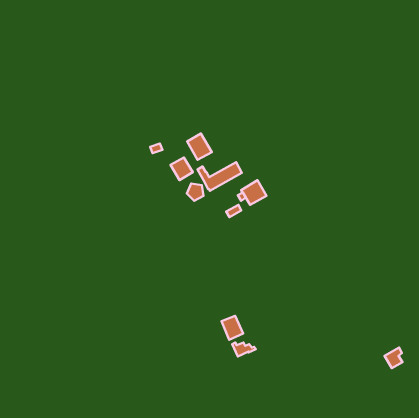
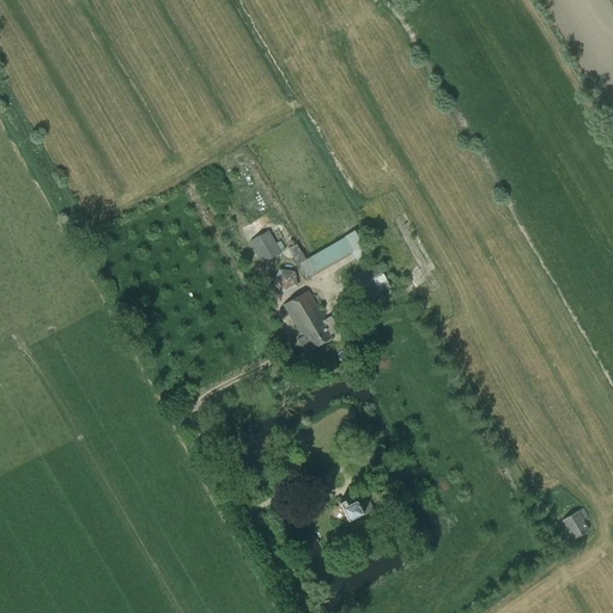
building: [187,133,212,160] -> none
building: none -> [283,290,339,350]
building: [222,316,243,340] -> none

